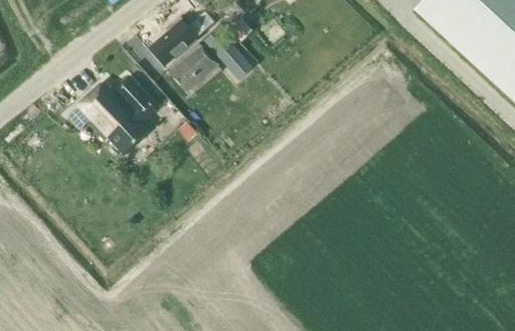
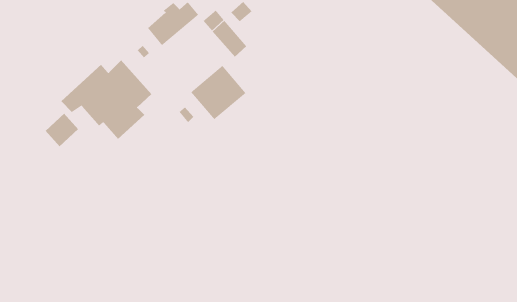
building: [167,41,221,95] -> [190,65,246,120]
building: none -> [45,113,79,147]

